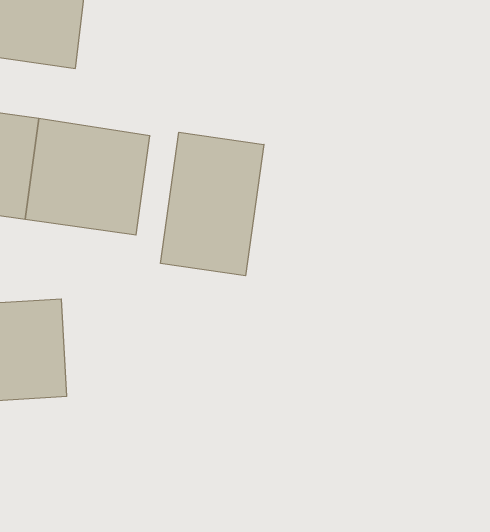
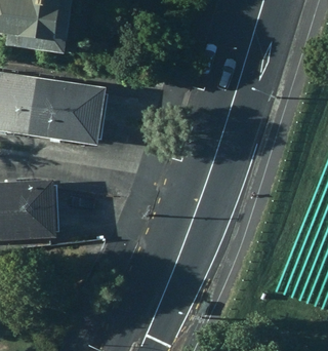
building: [161,132,264,276] -> none

